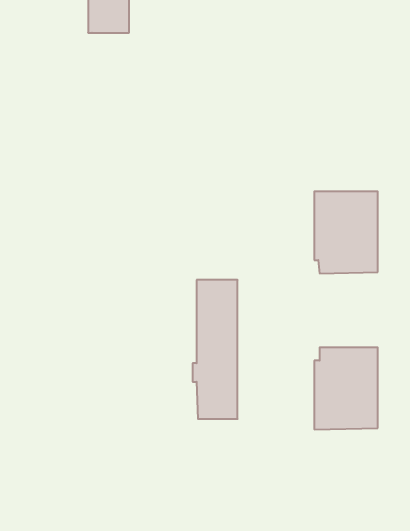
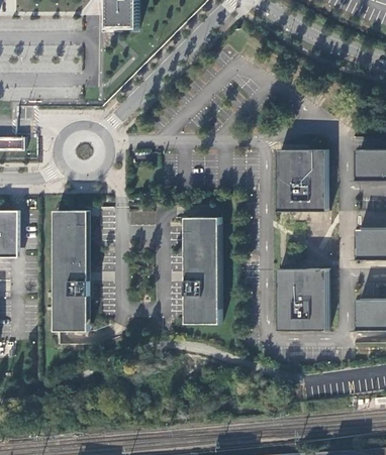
building: none -> [51,209,85,330]

